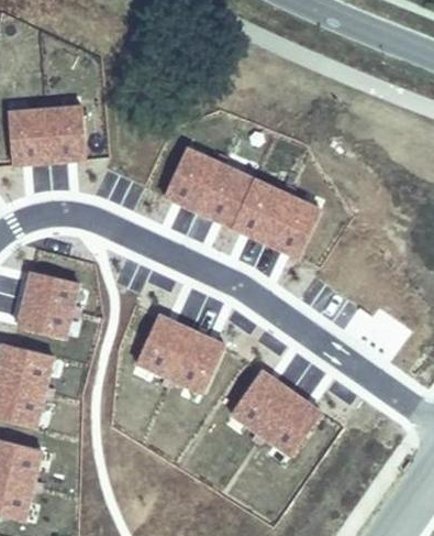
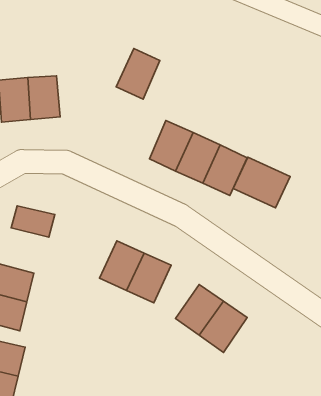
building: [163,147,218,211] -> [116,48,160,99]
building: none -> [233,157,290,208]
building: [16,298,70,338] -> none

